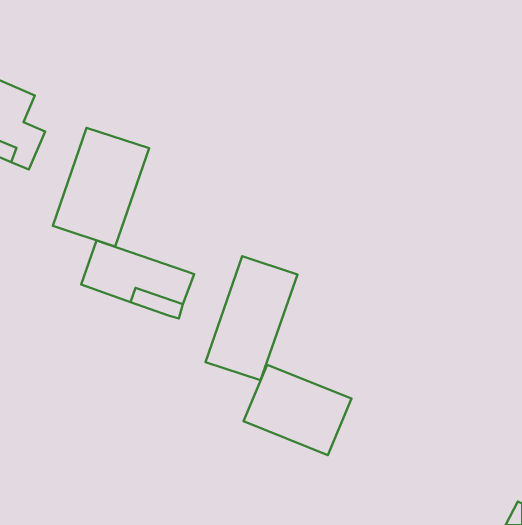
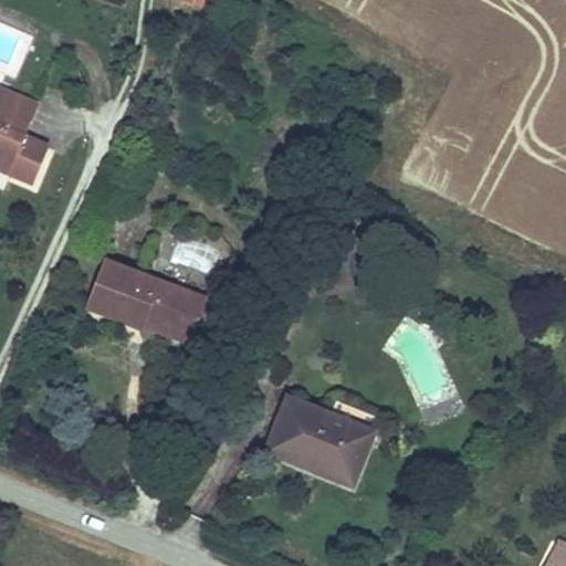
building: [53,128,149,247] -> none
building: [205,256,297,380] -> none

